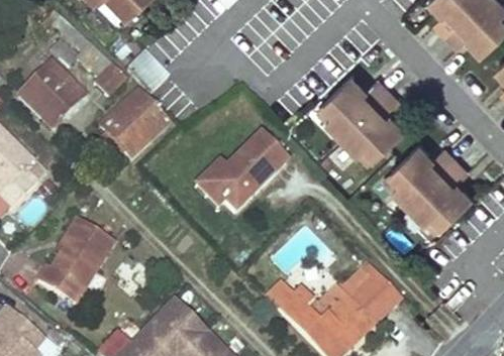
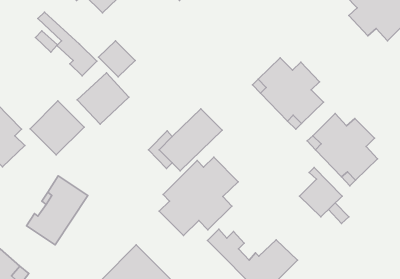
building: [18,61,85,127] -> [30,101,84,155]
building: none -> [159,157,238,235]
building: [347,261,400,322] -> [299,168,342,217]

